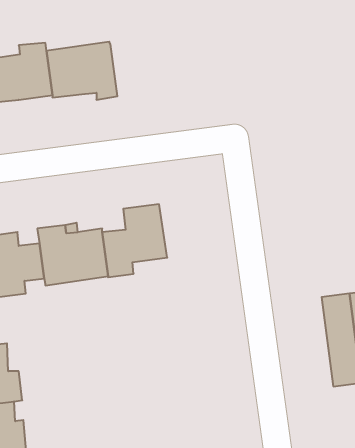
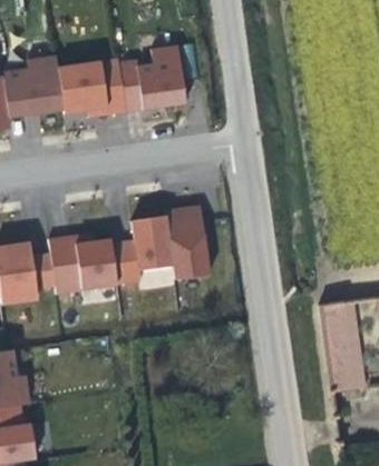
building: none -> [118,46,185,111]
building: none -> [165,205,210,279]

